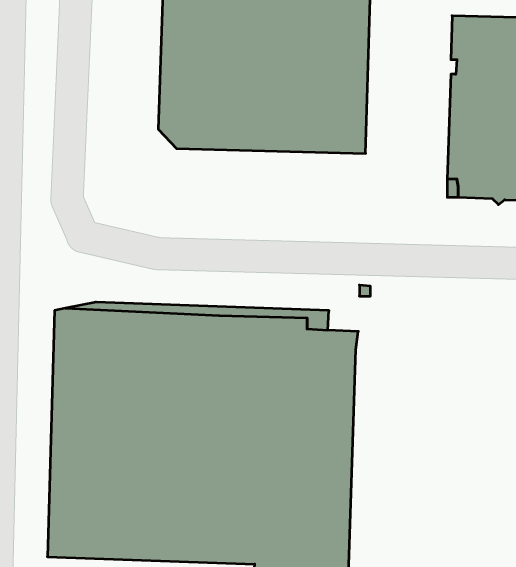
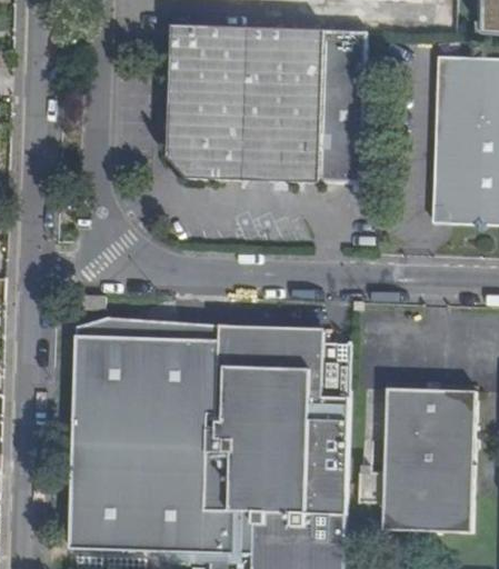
building: none -> [381,390,475,535]

